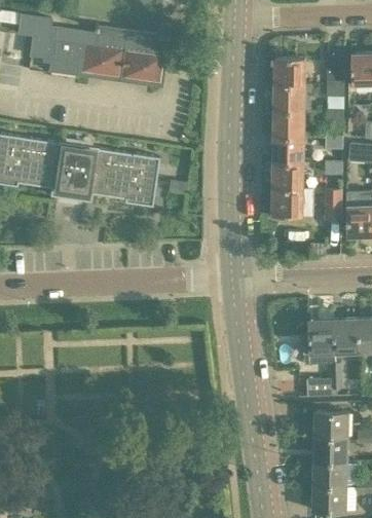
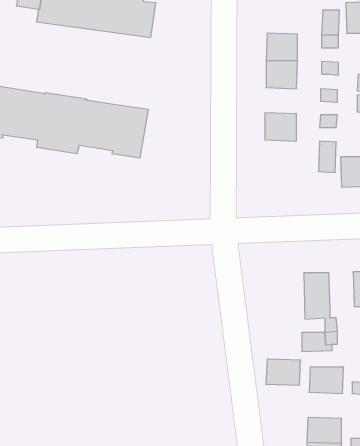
building: [273,58,304,84] -> none
building: [271,137,302,162] -> none
building: [270,188,302,215] -> none
building: [334,318,359,353] -> none
building: [313,436,347,461] -> [266,359,301,385]

